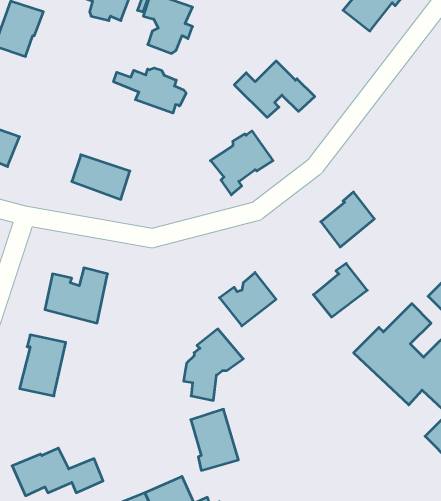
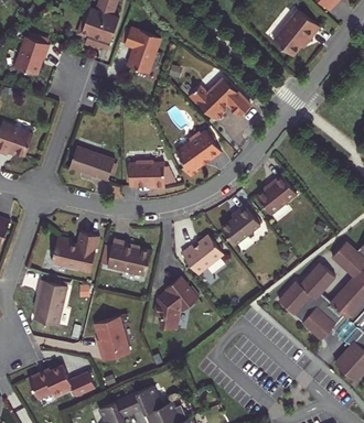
building: [114,68,186,113] -> none
building: none -> [129,160,165,187]
building: [313,263,367,317] -> [221,205,260,245]
building: none -> [107,239,152,275]
building: [191,409,238,470] -> [95,316,130,361]

